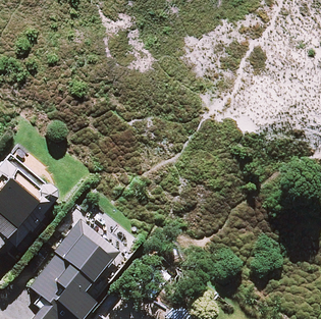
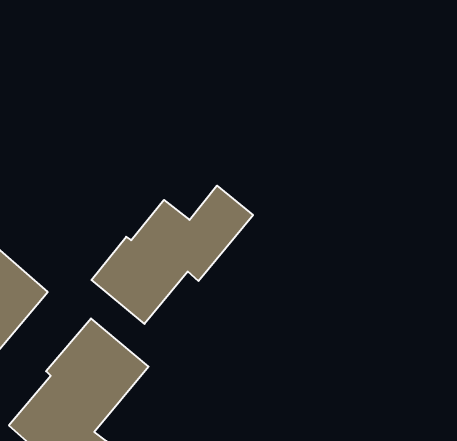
building: none -> [91,186,253,324]

